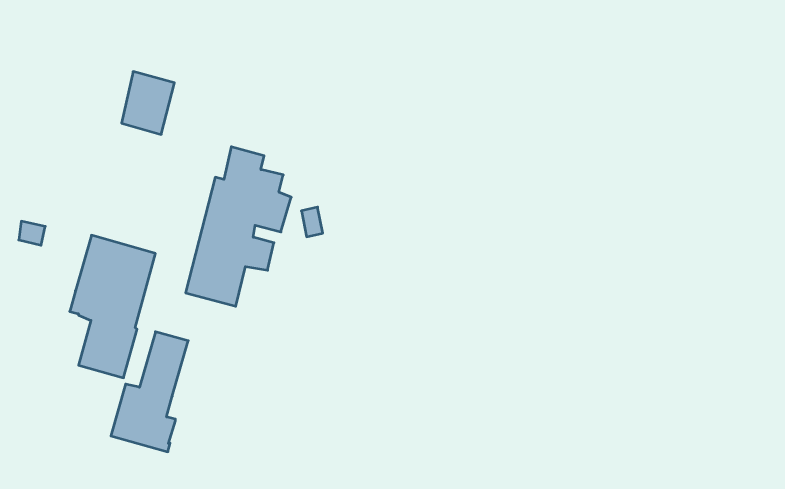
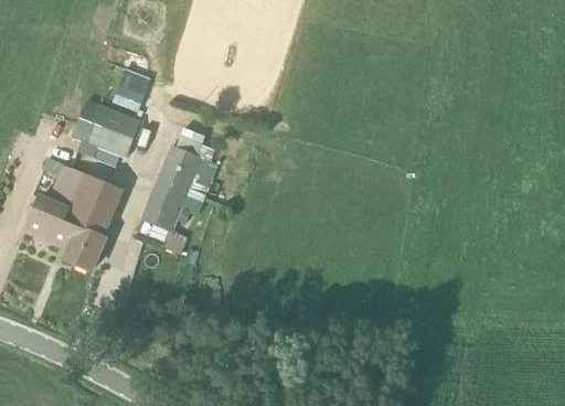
building: none -> [71,99,140,167]
building: [111,332,188,452] -> [23,164,83,245]

